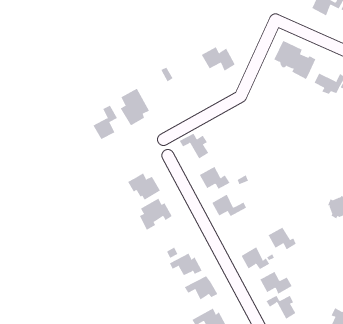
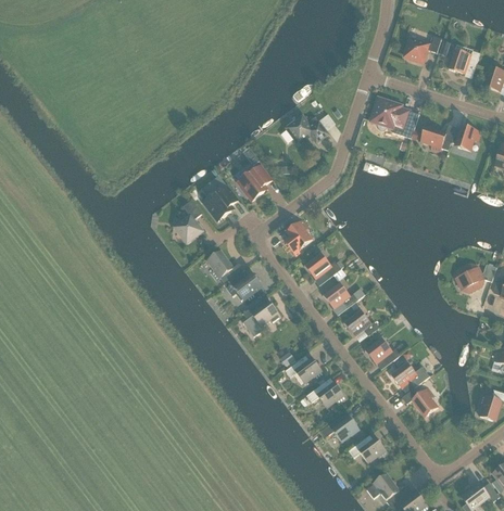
building: none -> [236,165,272,201]
building: none -> [206,253,242,281]
building: [266,227,297,250] -> [342,310,378,336]

